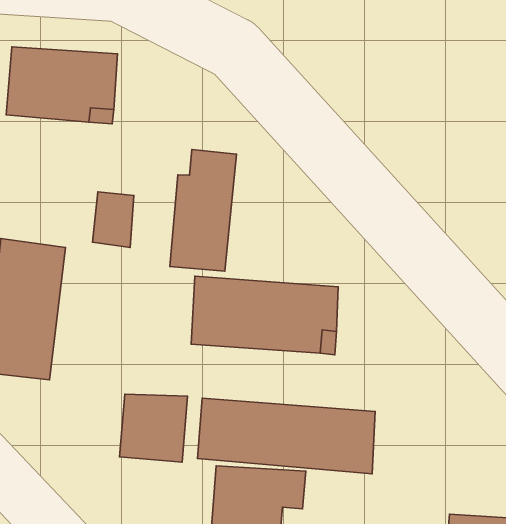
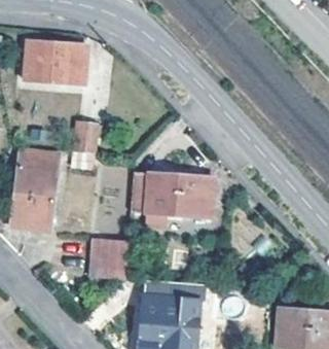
building: [170,149,236,271] -> none
building: [197,398,375,474] -> none

